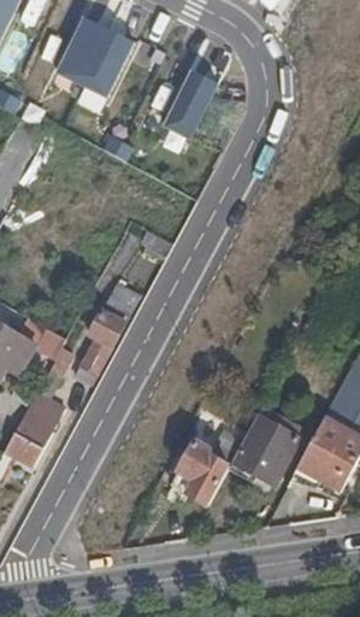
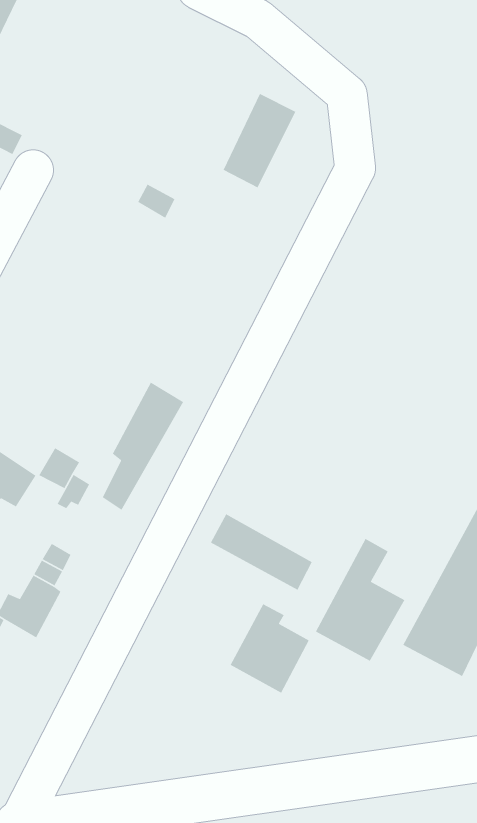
building: [59,19,135,99] -> none
building: none -> [210,513,313,591]

